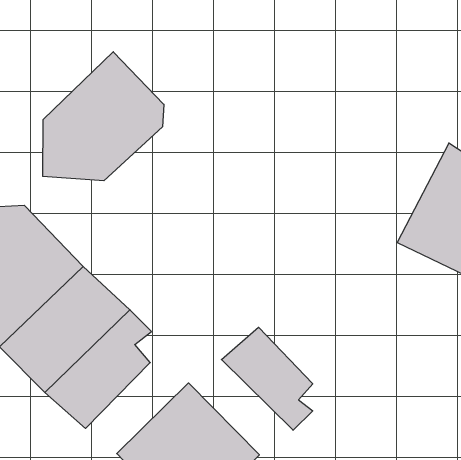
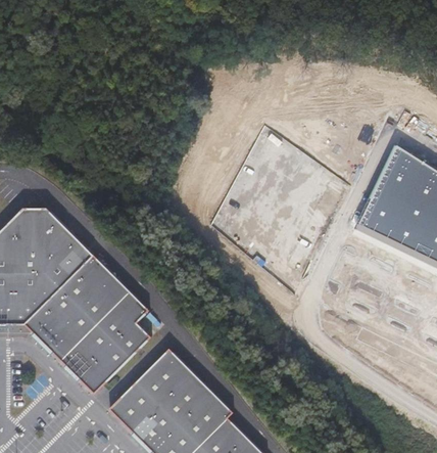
building: [43,52,164,181] -> none
building: [221,327,313,430] -> none

